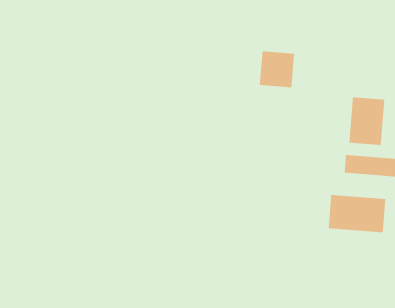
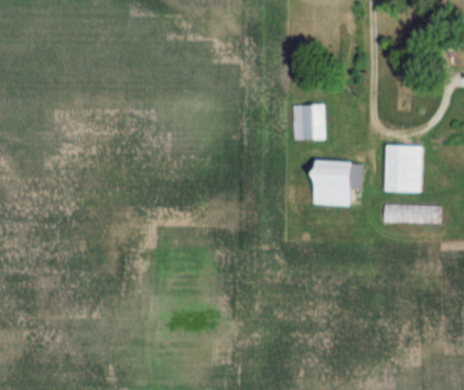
building: none -> [314,159,356,207]
building: [328,194,386,233] -> none

